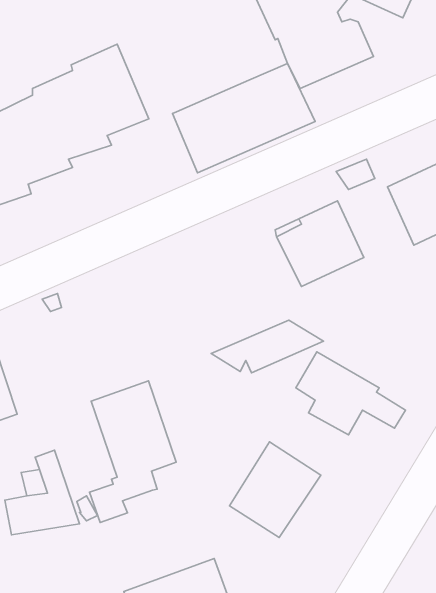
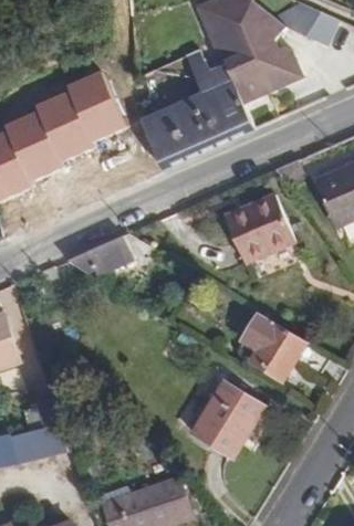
building: none -> [186,51,235,96]
building: [211,320,324,373] -> [64,233,154,275]
building: [89,381,176,523] -> none

